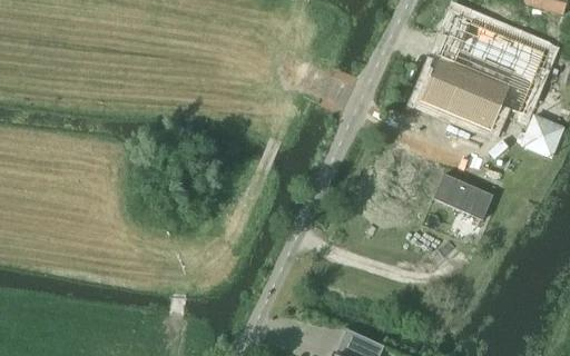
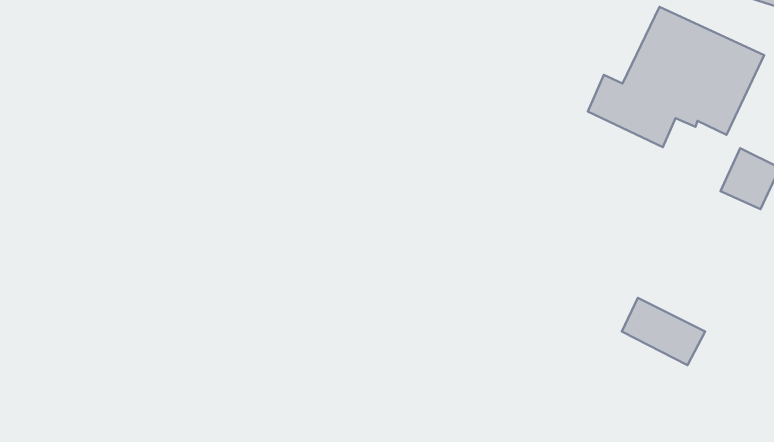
building: [434,174,493,219] -> [622,298,705,365]

